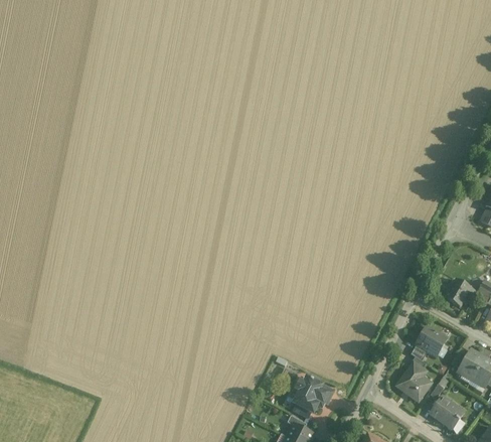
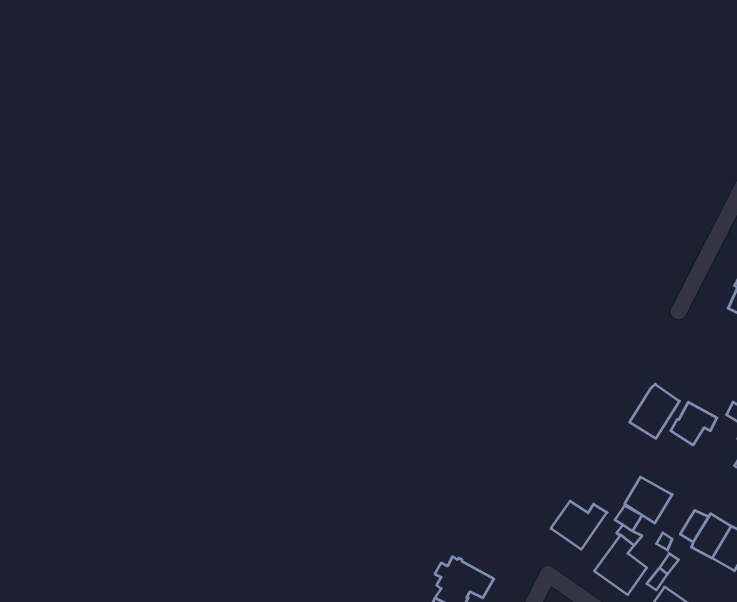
building: none -> [630,384,680,438]
building: none -> [551,501,607,549]

